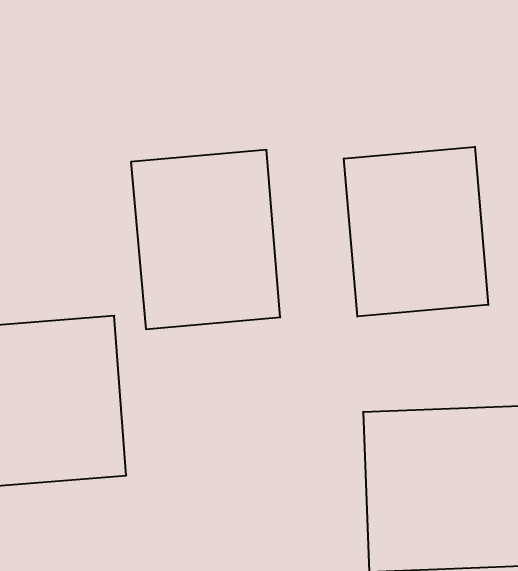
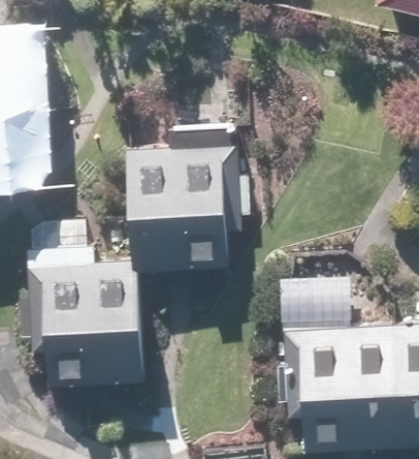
building: [344,147,488,317] -> none

